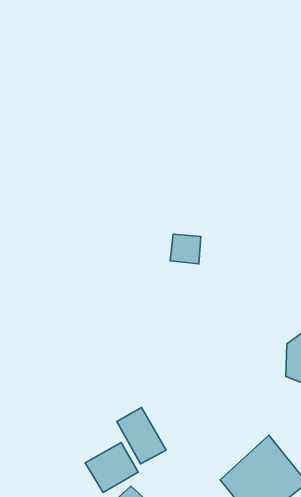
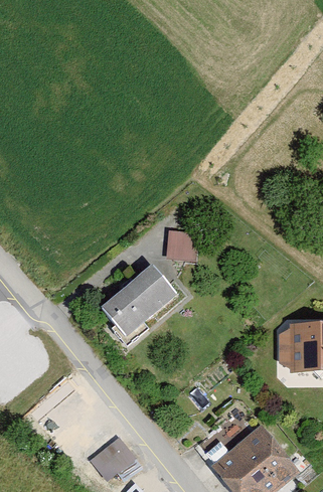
building: none -> [99,268,177,336]
building: [117,408,166,464] -> none

